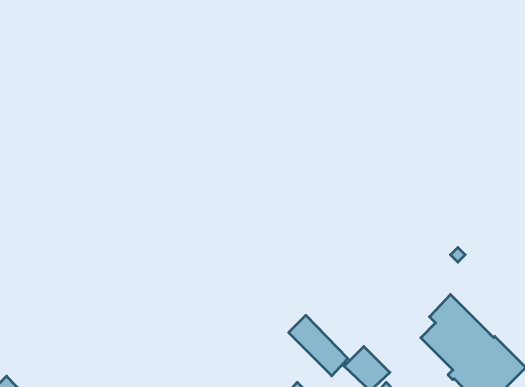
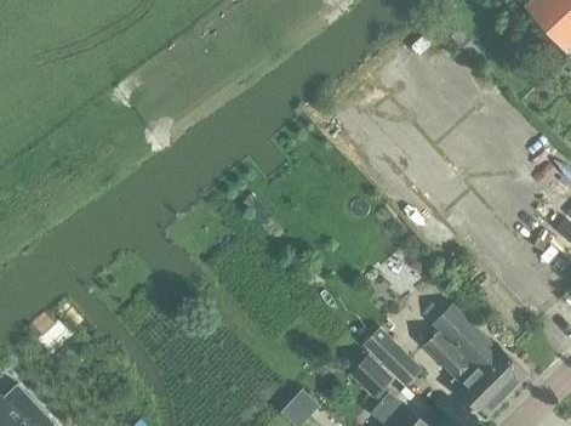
building: [289,315,348,376] -> [362,328,421,387]

